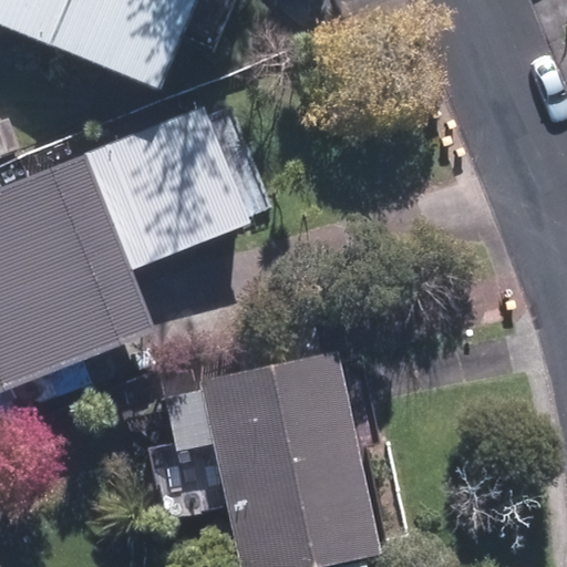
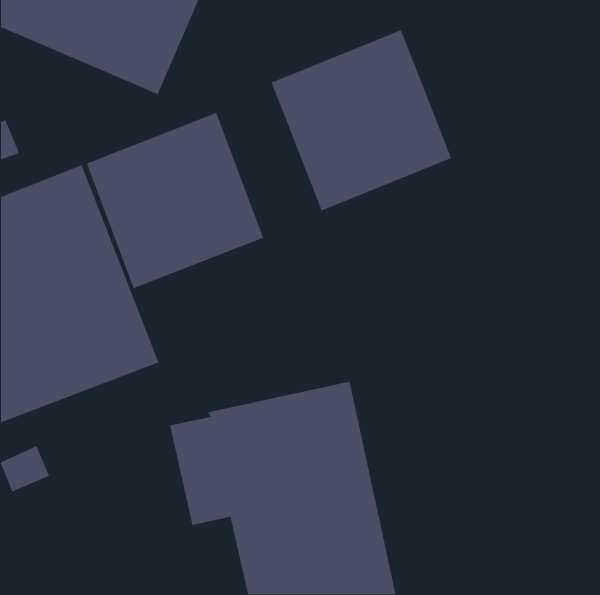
building: none -> [270,29,452,211]

